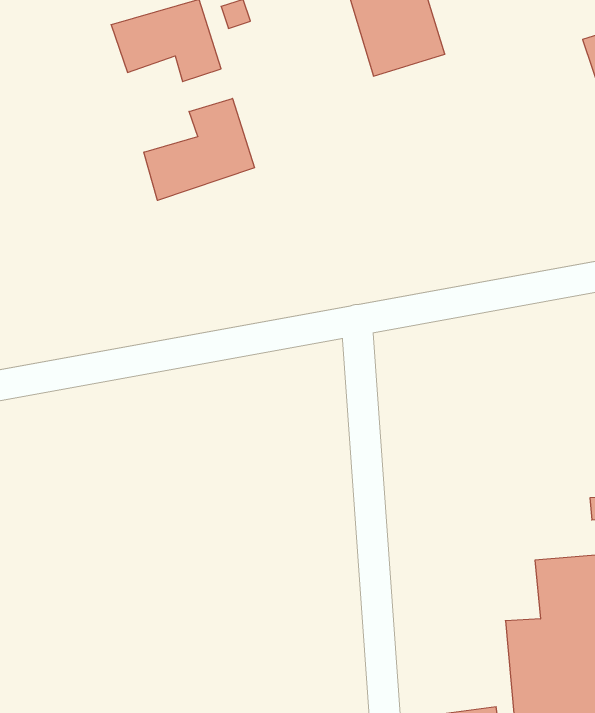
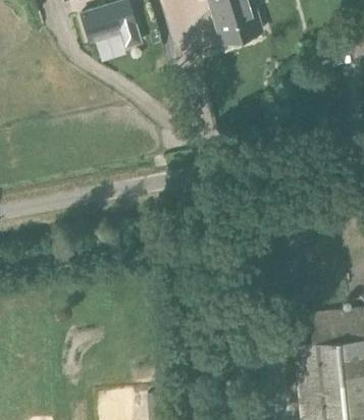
building: [144,98,254,200] -> none

